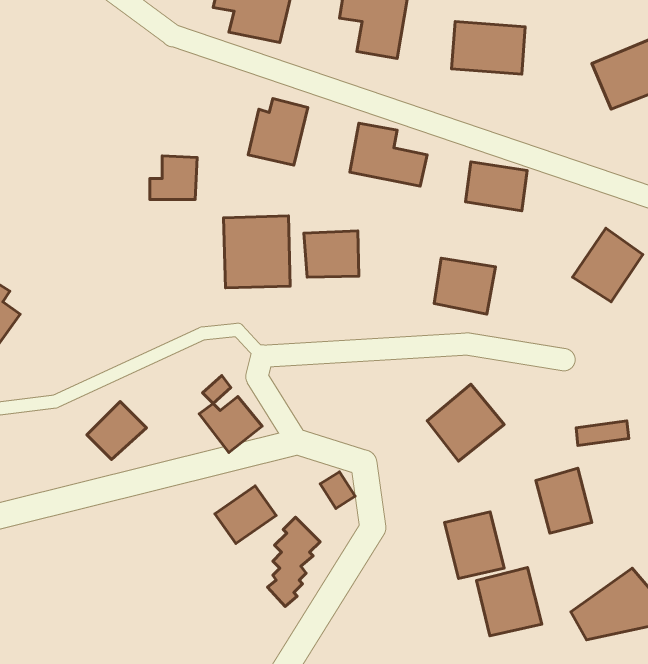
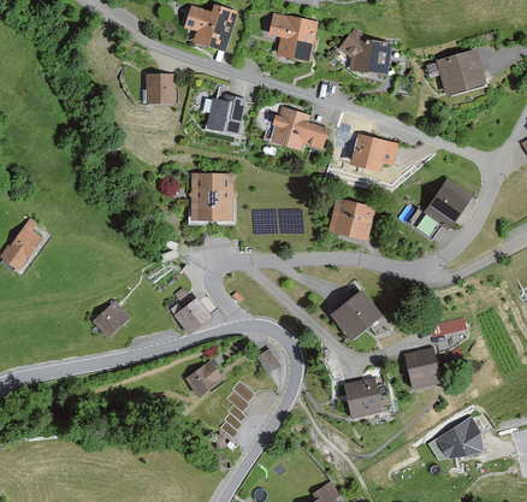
building: [150,156,197,200] -> [138,72,171,102]
building: [304,231,359,277] -> none
building: [476,567,542,636] -> none

